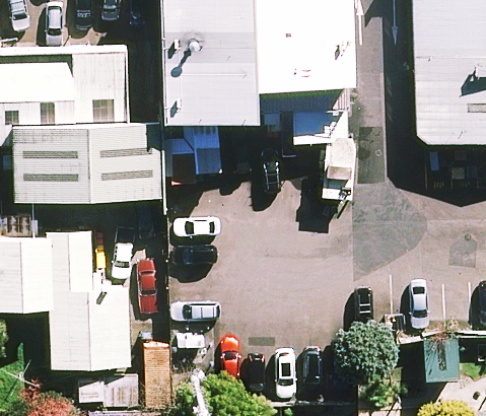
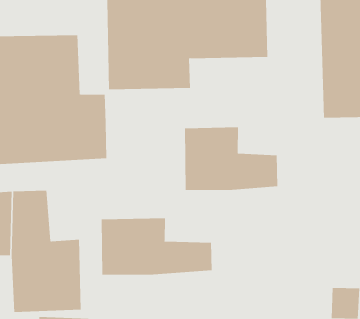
building: none -> [184,127,278,191]
building: none -> [101,217,212,275]

